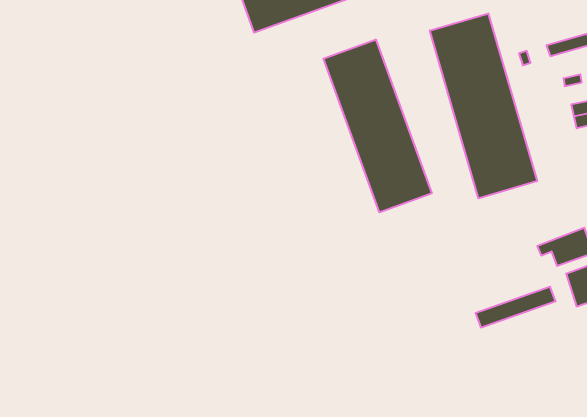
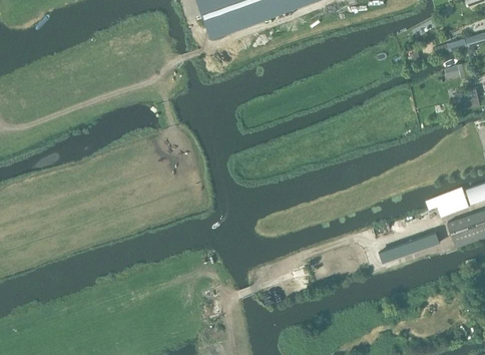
building: [430,13,537,198] -> none
building: [324,39,432,212] -> none

